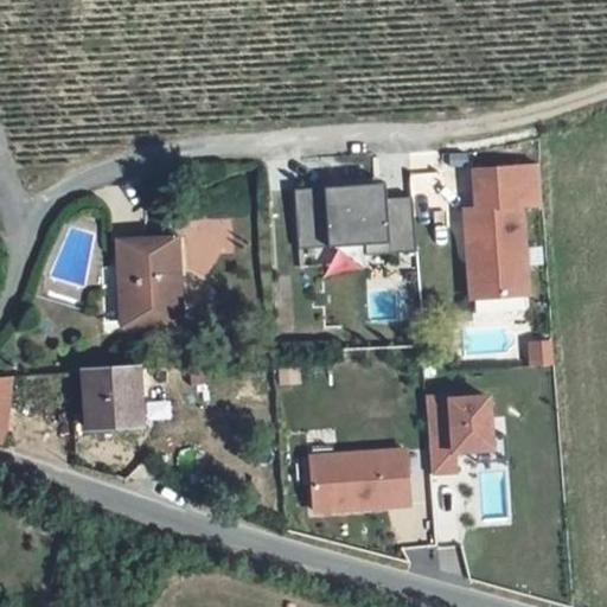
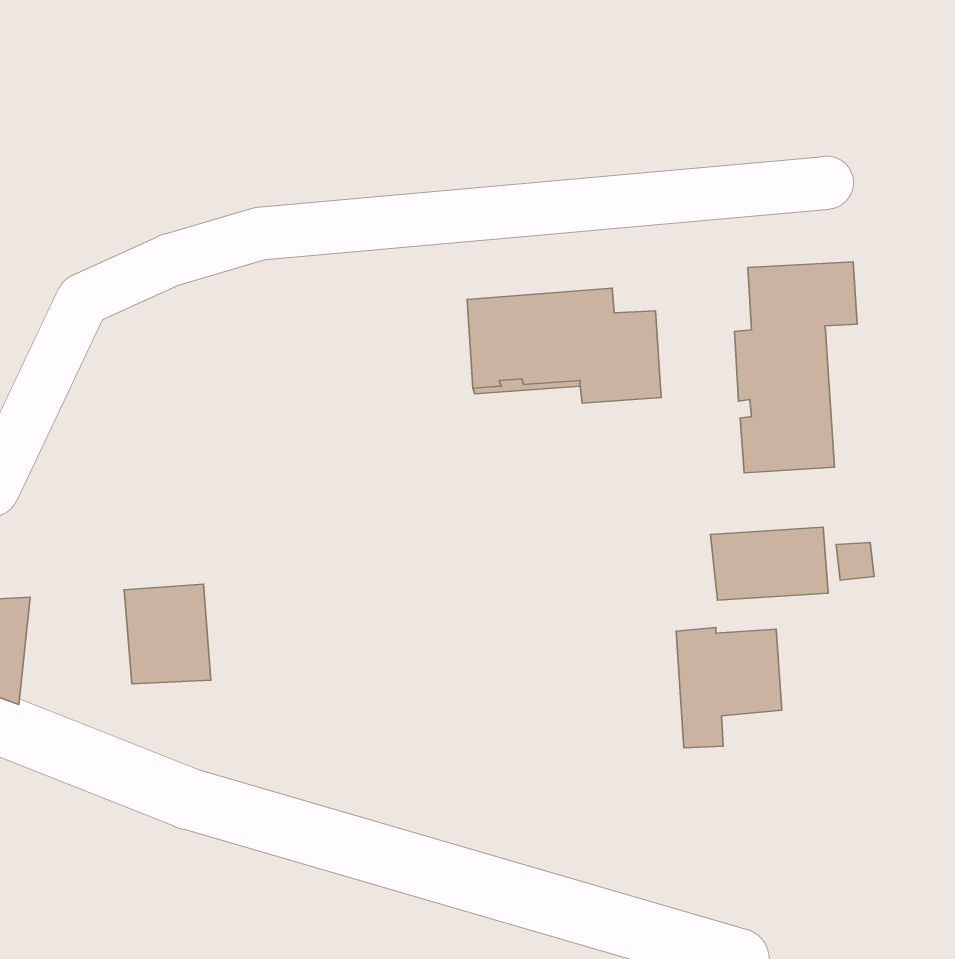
building: [119,235,183,324] -> none
building: none -> [710,527,828,600]
building: [309,449,409,510] -> none

